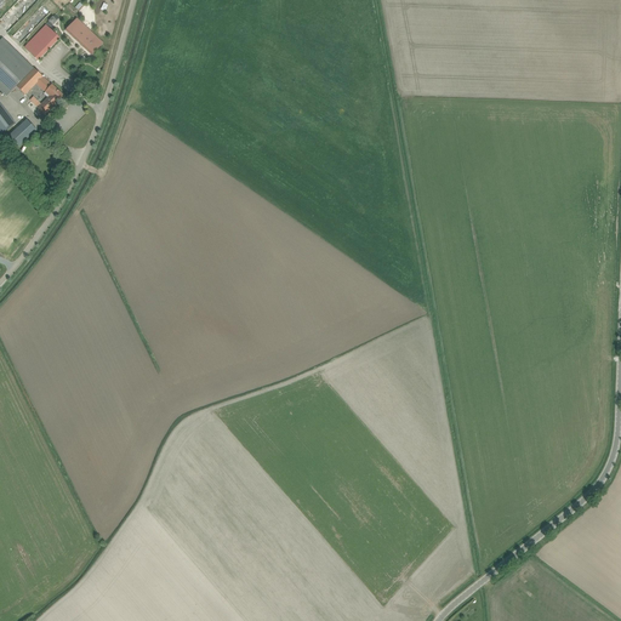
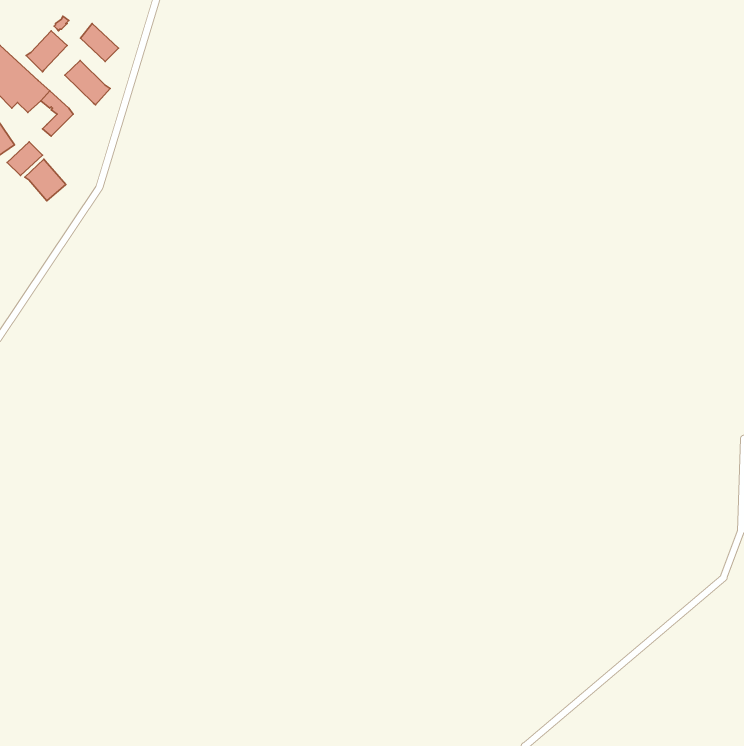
building: none -> [65,61,110,105]
building: none -> [25,159,66,201]

